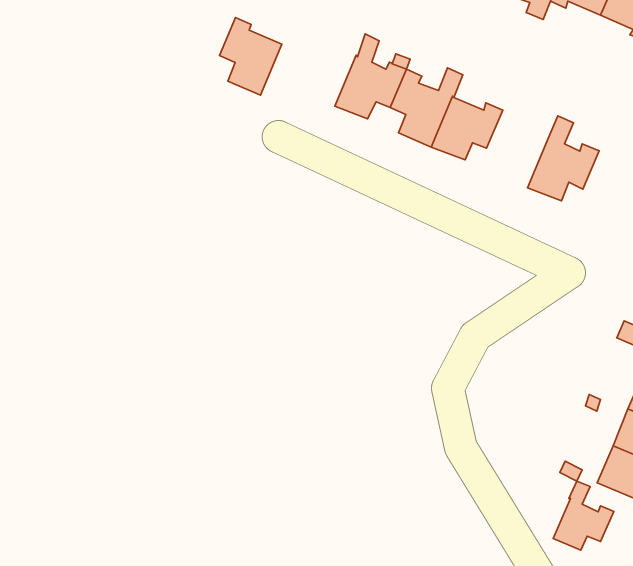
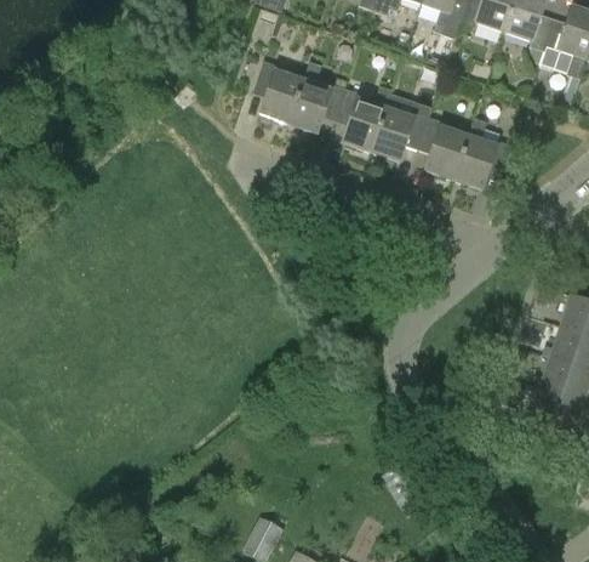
building: [220,17,282,95] -> [252,61,303,124]
building: none -> [417,117,468,180]
building: [553,481,614,550] -> none

